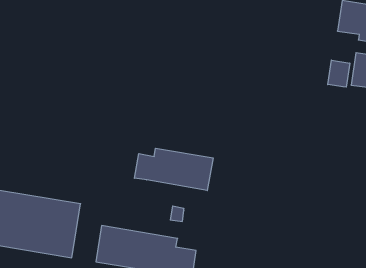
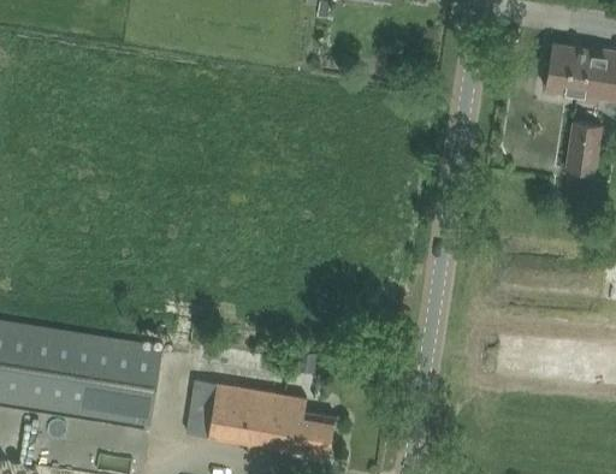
building: [328,60,350,87] -> none
building: [134,148,213,191] -> none

